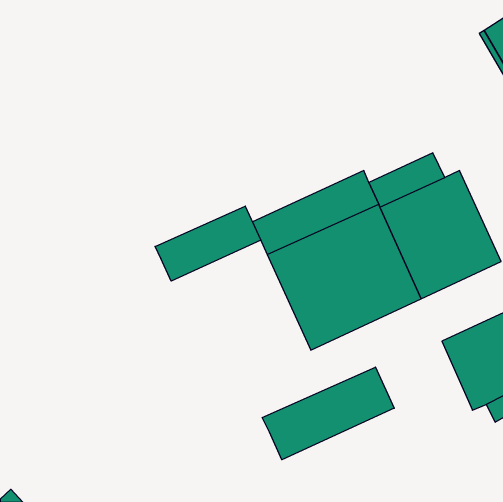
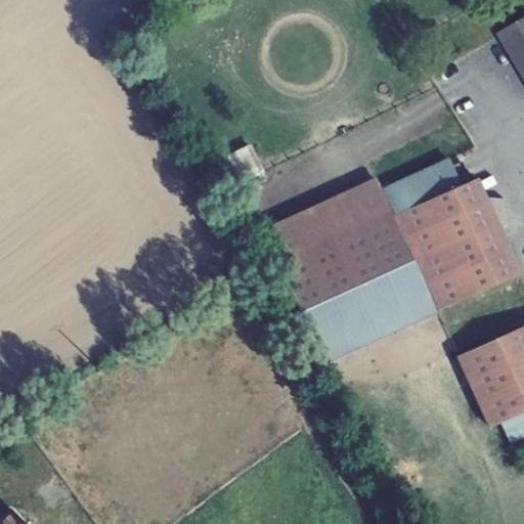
building: [155,206,261,281] -> none
building: [262,367,394,460] -> none

